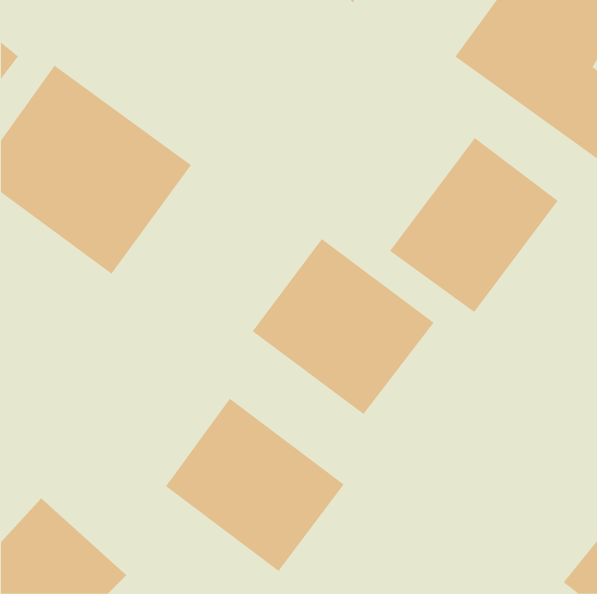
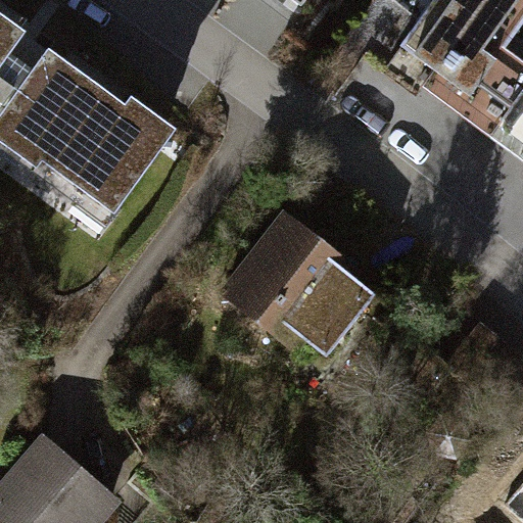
building: [389,137,559,313] -> none
building: [165,398,345,572] -> none

